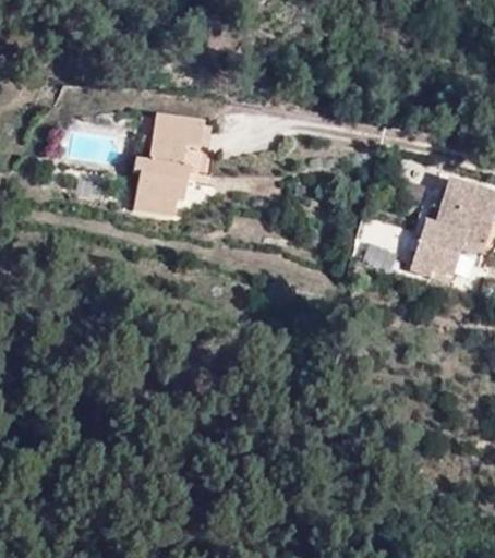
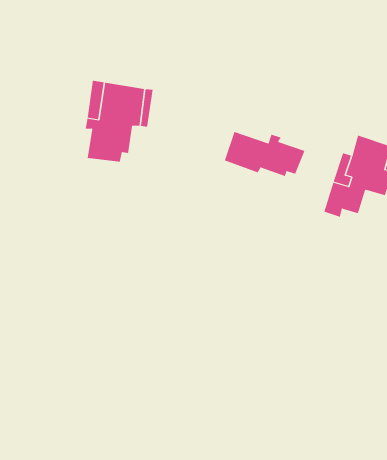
building: none -> [224,131,305,177]

